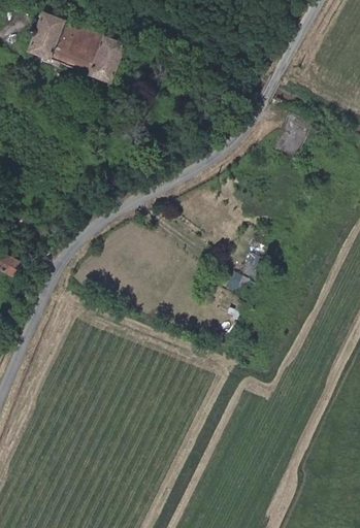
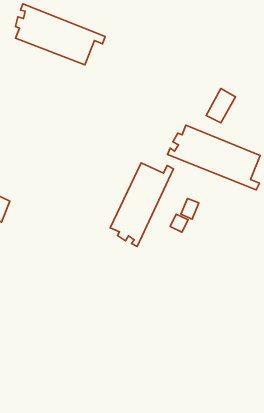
building: none -> [167,125,260,190]
building: none -> [110,163,174,247]

